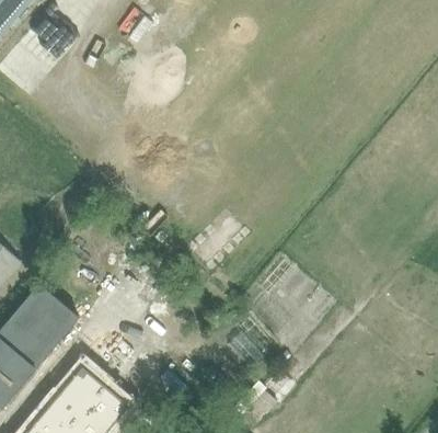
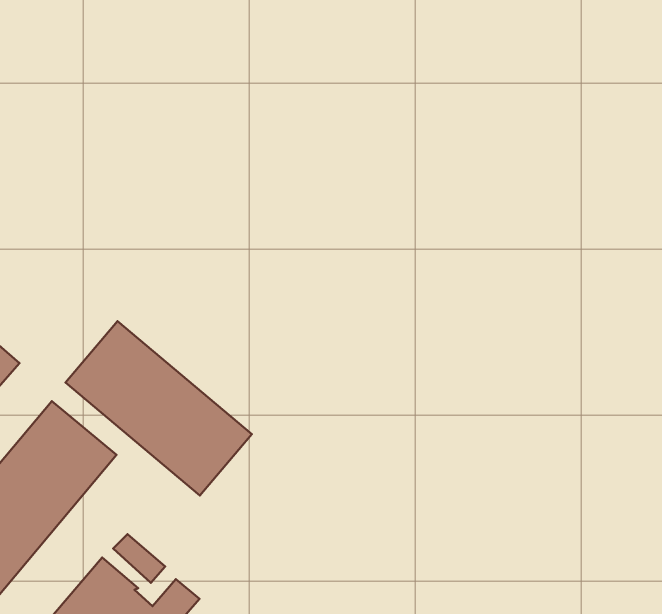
building: none -> [66,321,252,496]

